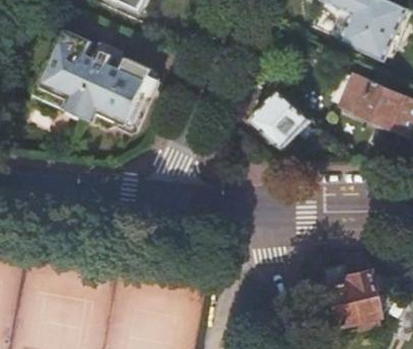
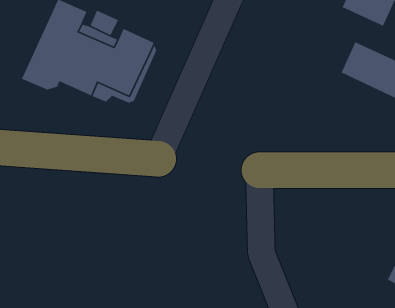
building: [251,89,311,150] -> none
building: [319,262,377,329] -> none

